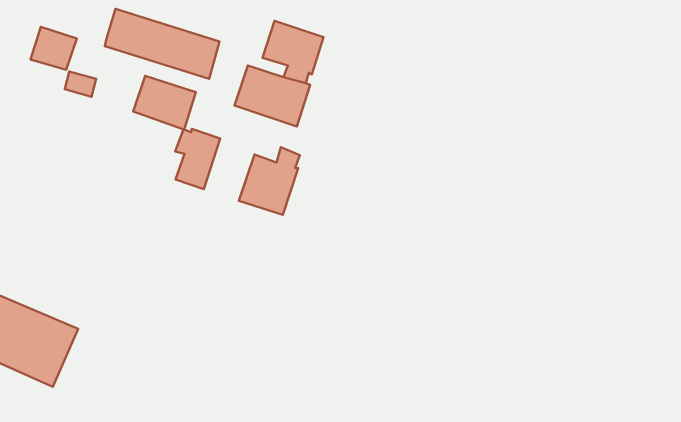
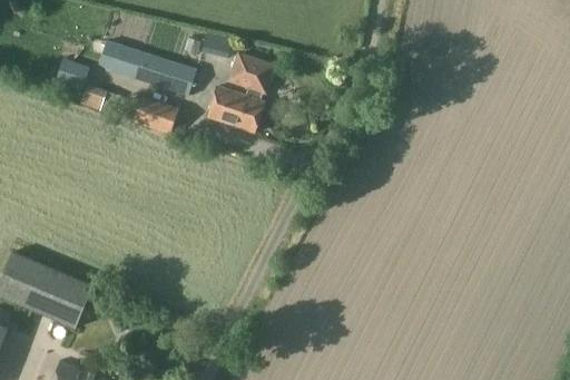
building: [175,129,220,189] -> none
building: [239,147,300,215] -> none

